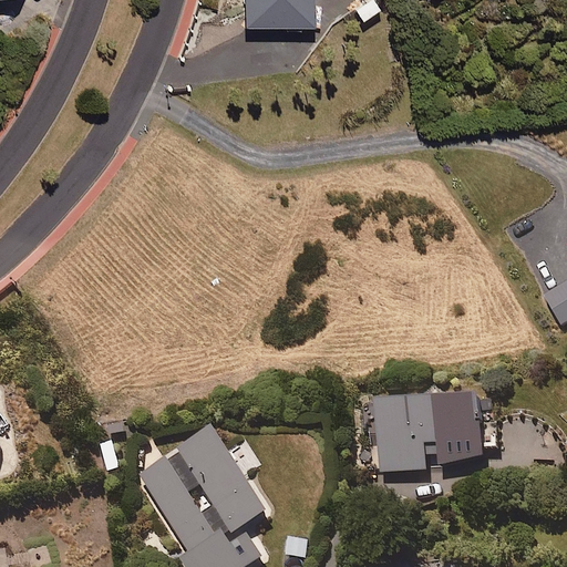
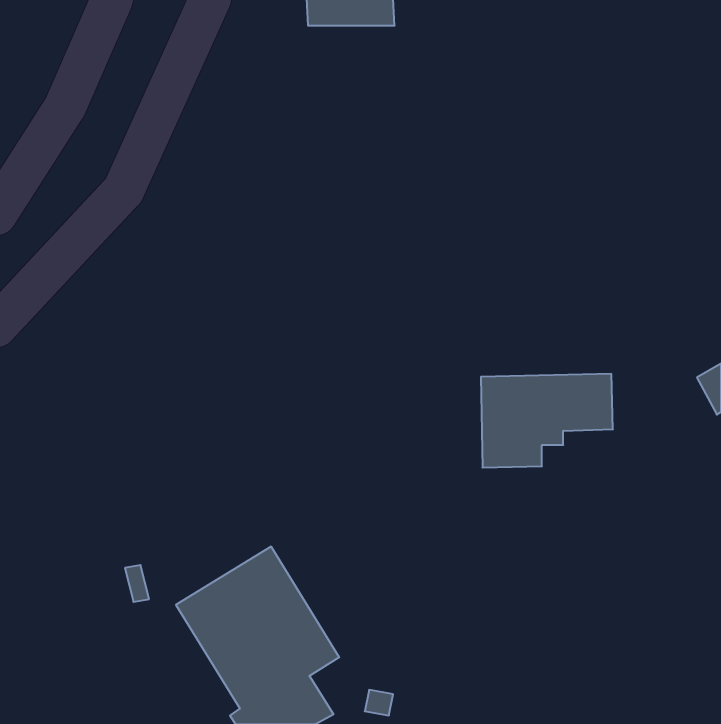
building: [378,400,481,473] -> [481,374,613,468]

